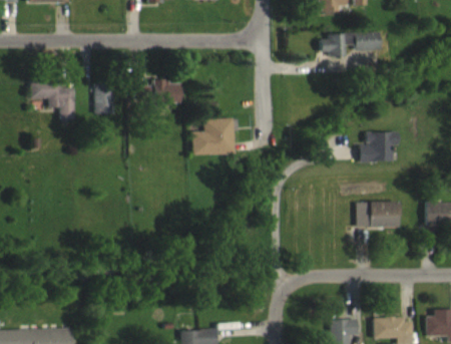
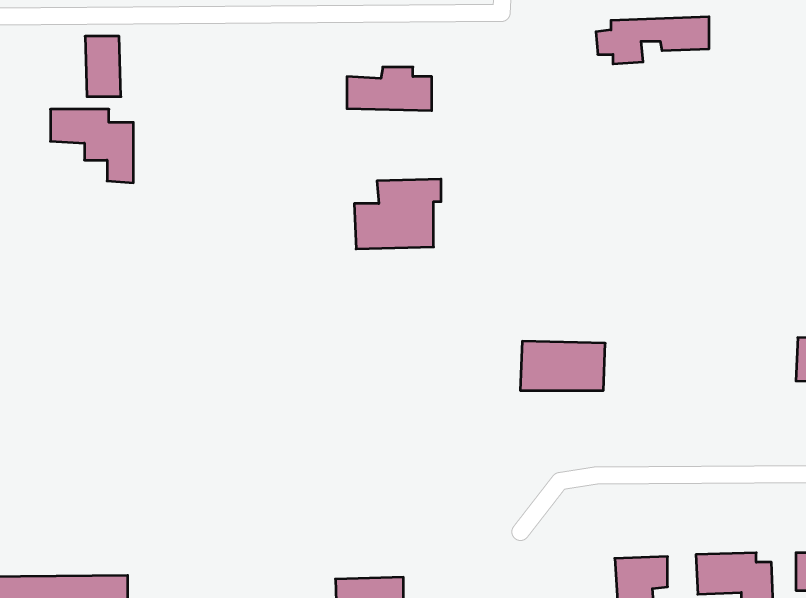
building: [133,78,178,101] -> [347,67,432,111]
building: [94,81,113,113] -> [85,36,121,97]
building: [359,131,398,161] -> none
building: [356,201,401,227] -> [520,341,605,390]

